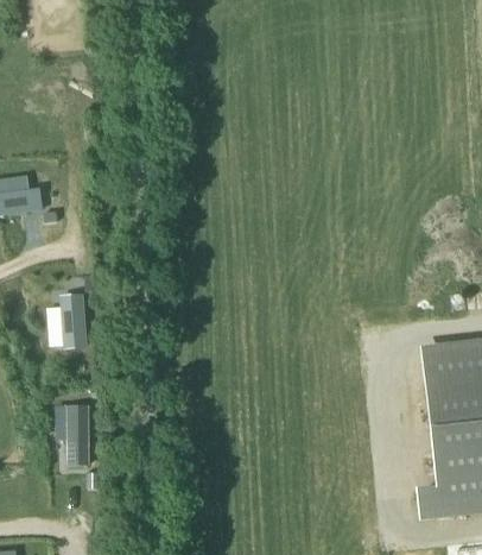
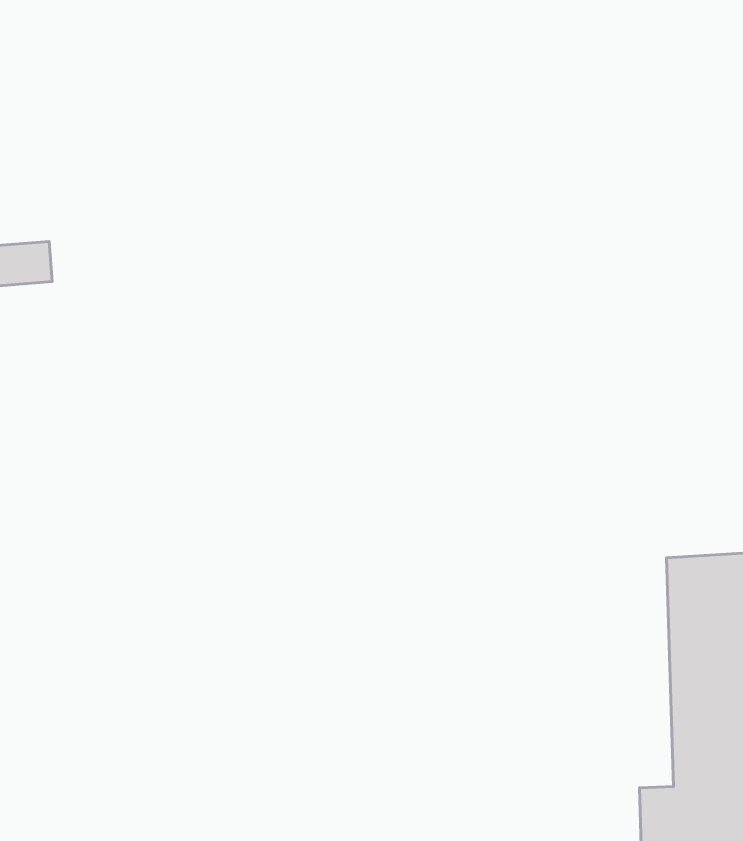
building: [62,290,90,346] -> none
building: [66,409,90,474] -> none

